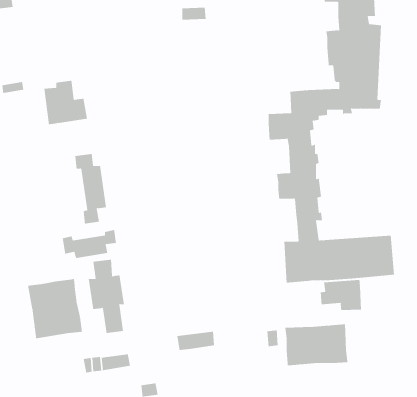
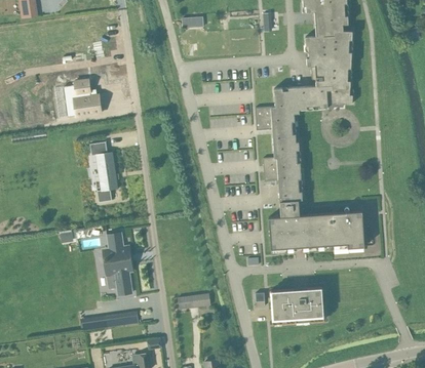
building: [62,229,117,259] -> none
building: [28,278,82,339] -> none
building: [320,279,362,311] -> none

